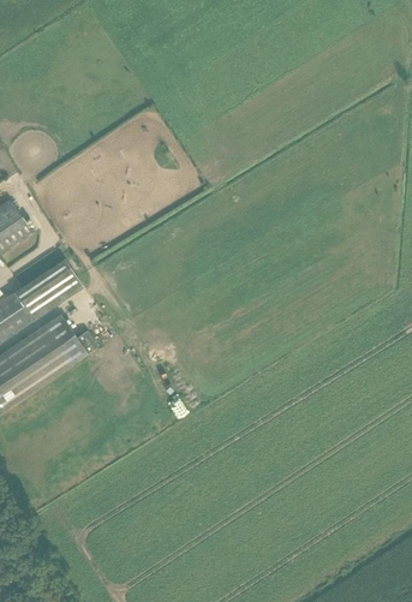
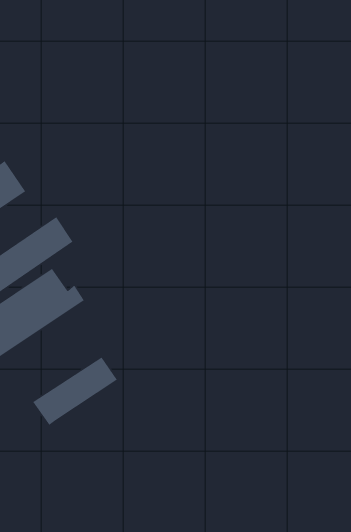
building: none -> [32,356,118,426]

